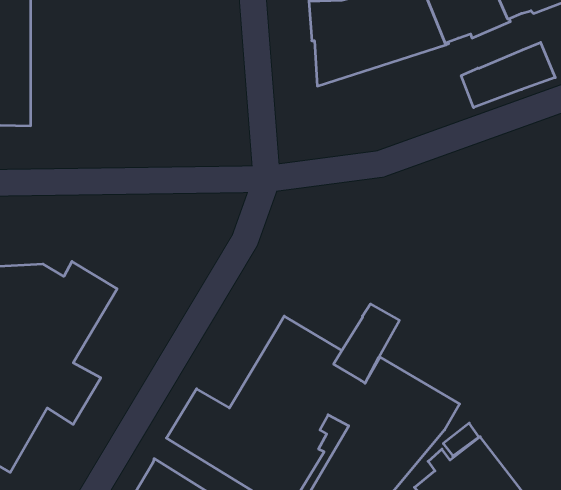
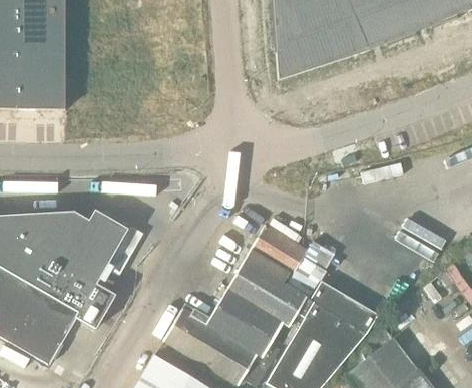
building: [461,42,555,108] -> none
building: none -> [250,225,307,275]

